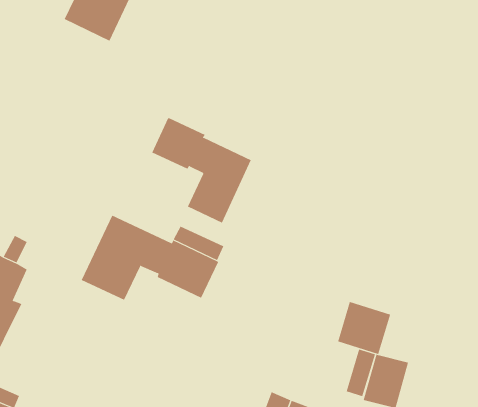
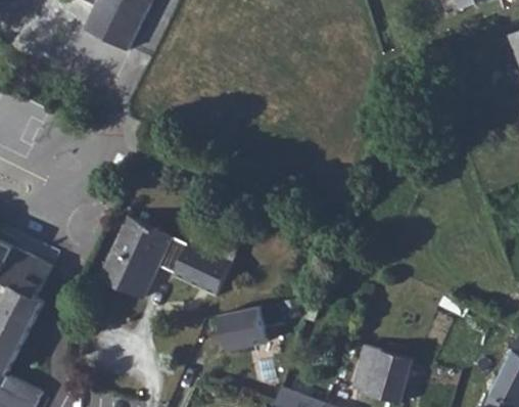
building: [151,118,252,223] -> none
building: [337,301,391,355] -> none
building: none -> [218,306,266,351]

